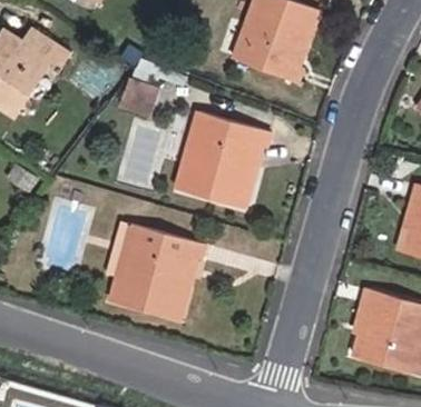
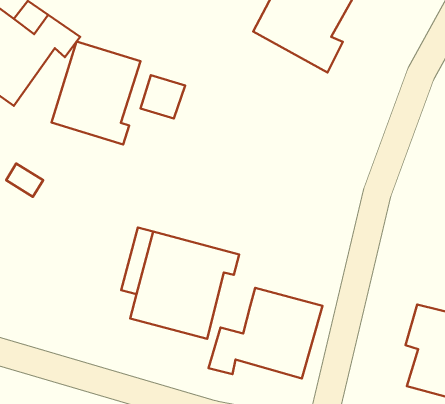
building: none -> [52,42,141,144]
building: [172,113,266,205] -> none
building: none -> [208,288,322,378]

